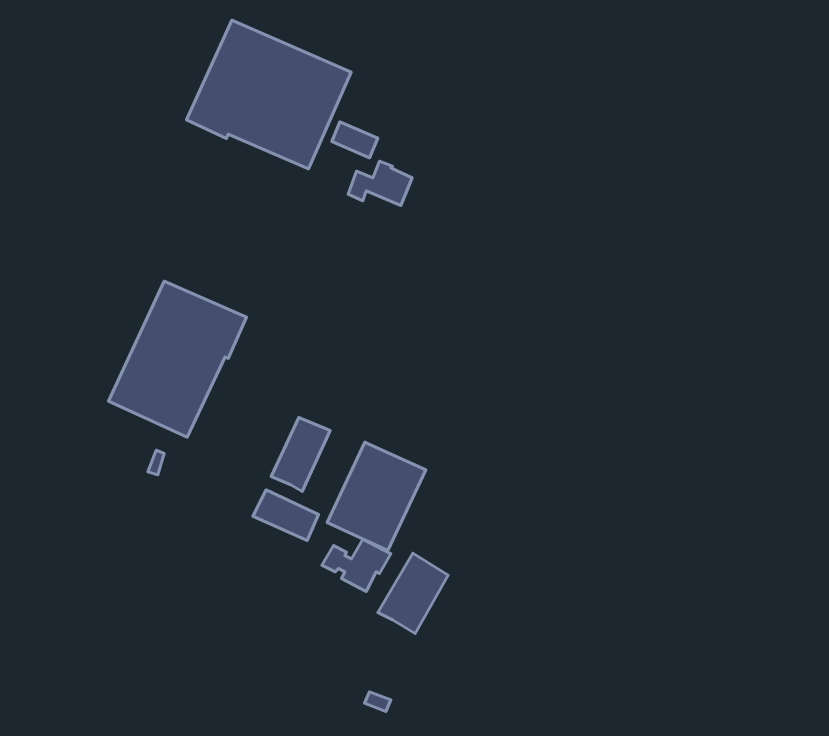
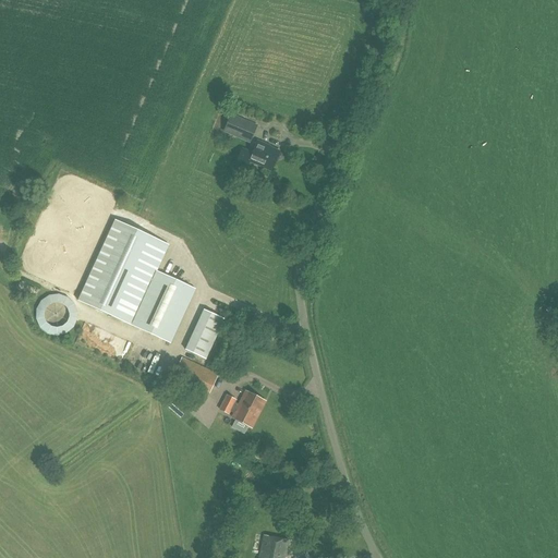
building: [187,20,351,169] -> none
building: [327,442,426,550] -> [130,269,195,341]
building: [378,553,448,634] -> none

